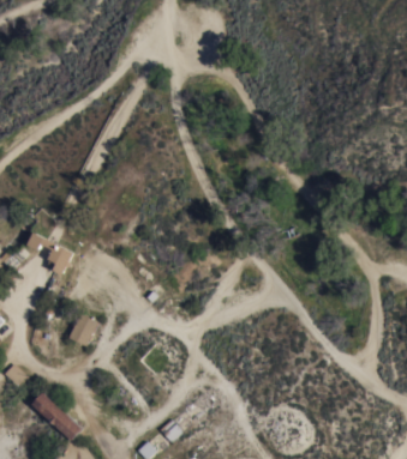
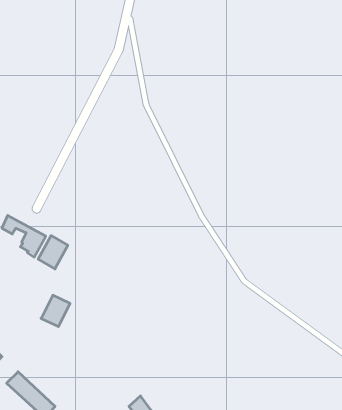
building: none -> [38,236,68,269]

